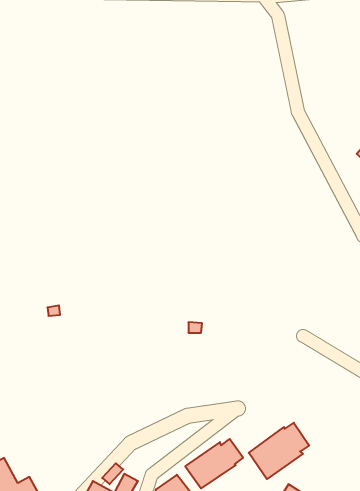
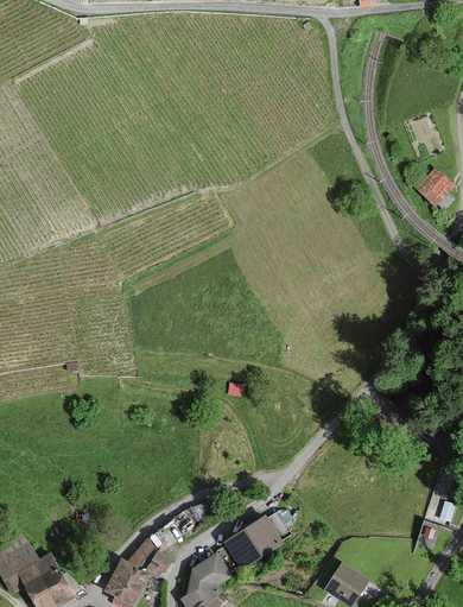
building: [249,423,309,479] -> none

